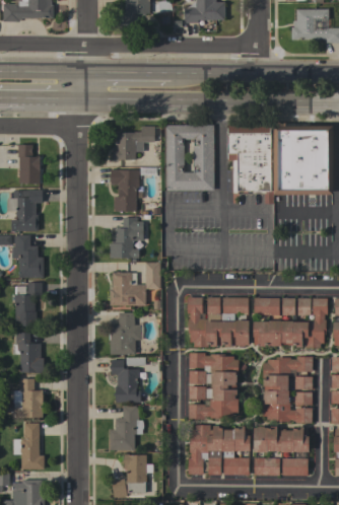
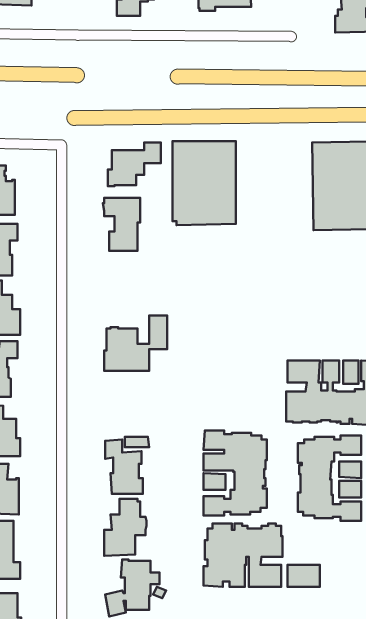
building: [228,125,274,203] -> none
building: [111,217,144,258] -> none
building: [188,297,250,347] -> none
building: [110,312,144,354] -> none
building: [254,426,310,452] -> none
building: [283,457,309,475] -> none

